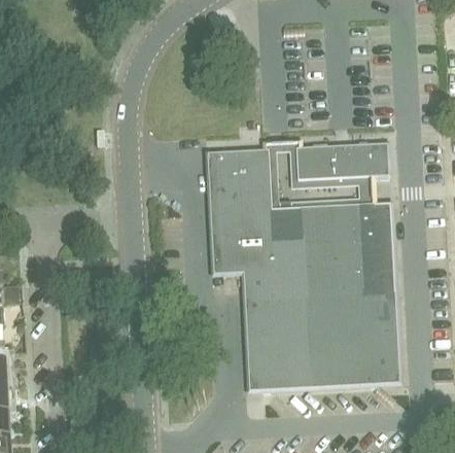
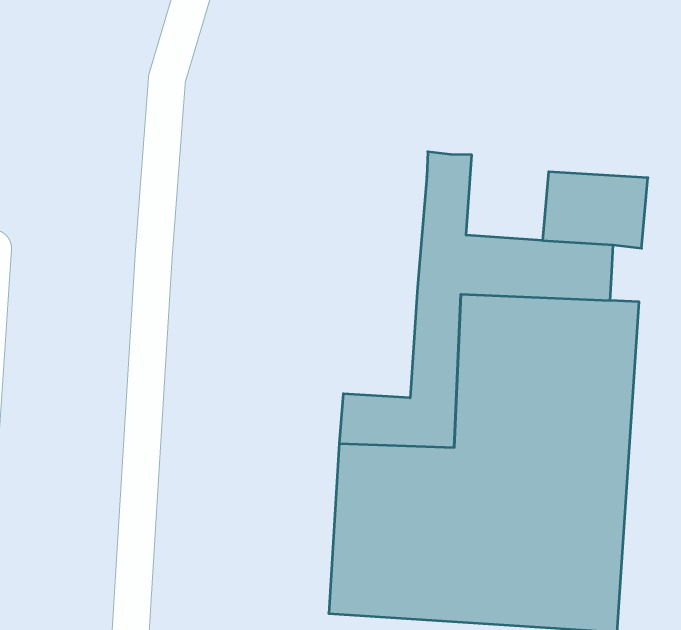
building: [296,140,340,183] -> none
building: [207,141,279,277] -> none

